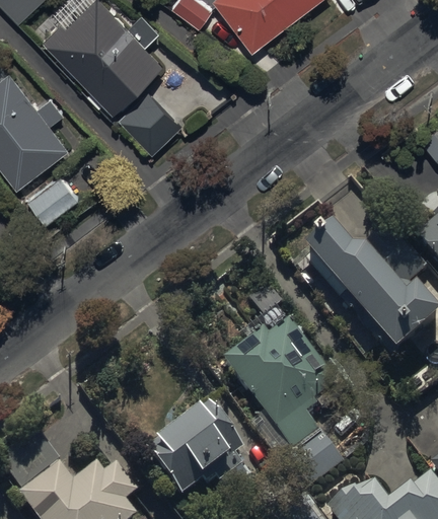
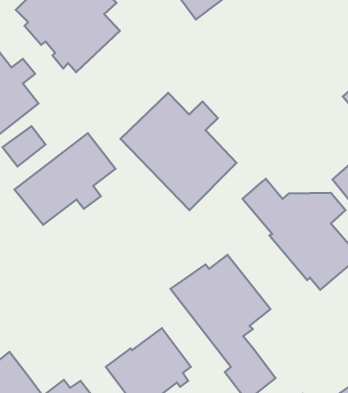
building: [119,90,182,155] -> none
building: none -> [120,93,237,210]
building: none -> [15,133,115,225]

